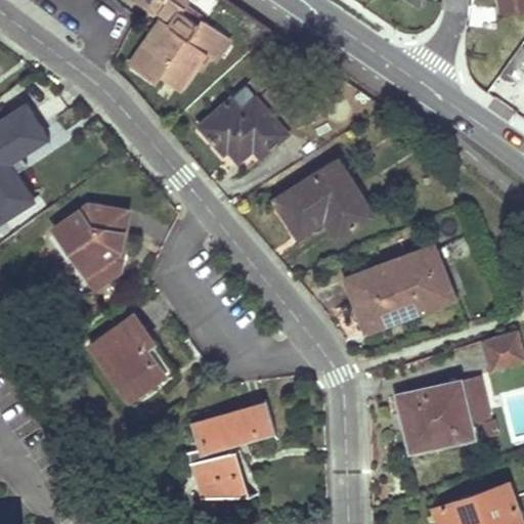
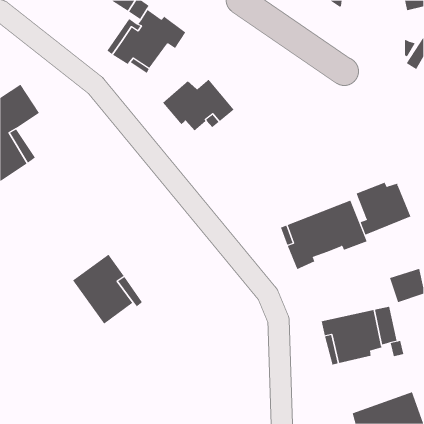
building: [274,160,372,238] -> none
building: [54,205,125,289] -> none
building: none -> [356,182,411,235]
building: [189,403,273,499] -> none

